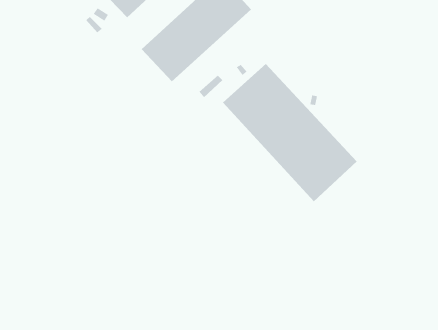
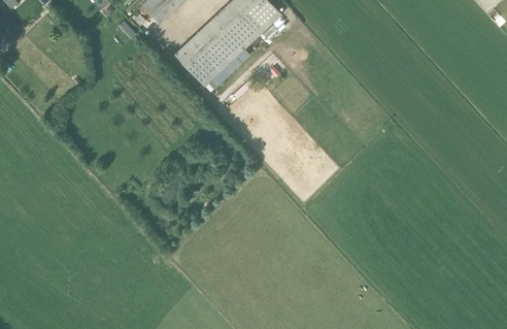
building: [222,63,358,202] -> none

